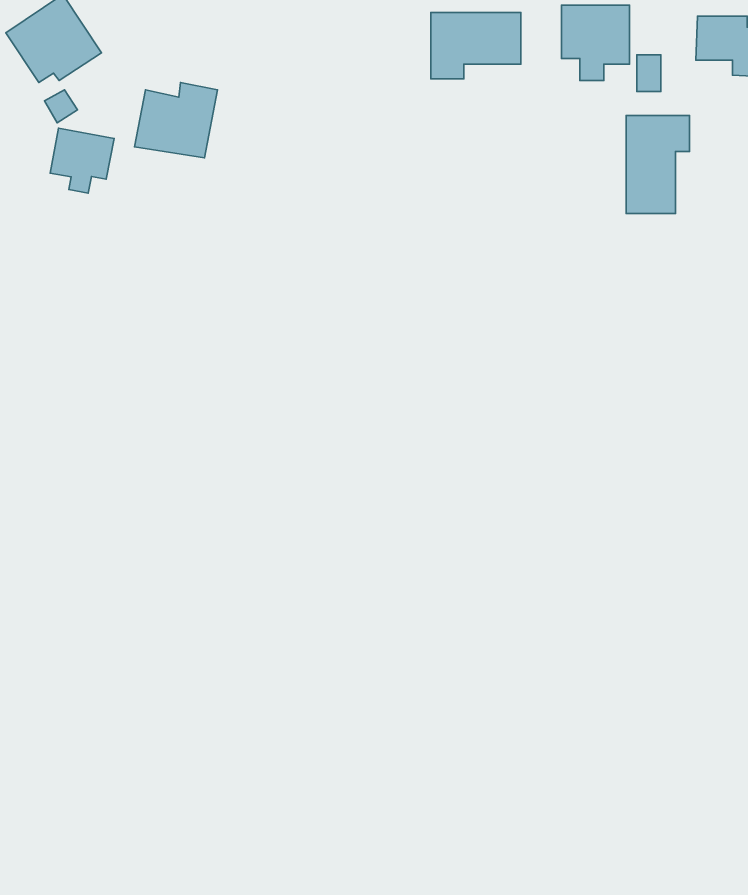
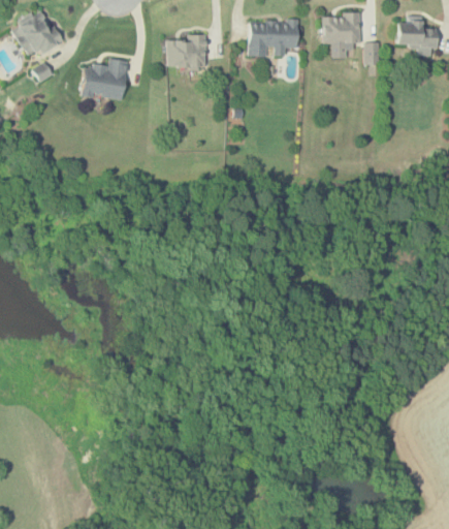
building: none -> [167,37,206,68]
building: [626,116,689,213] -> none
building: [50,128,114,193] -> none

